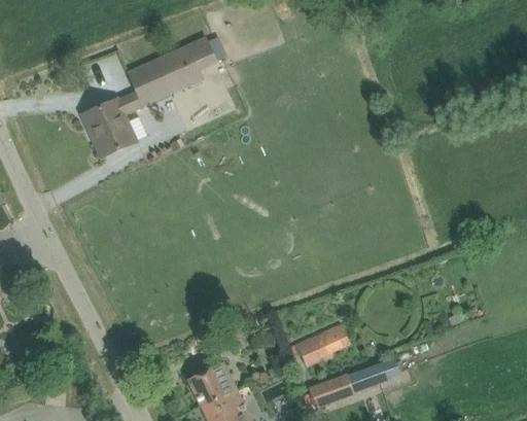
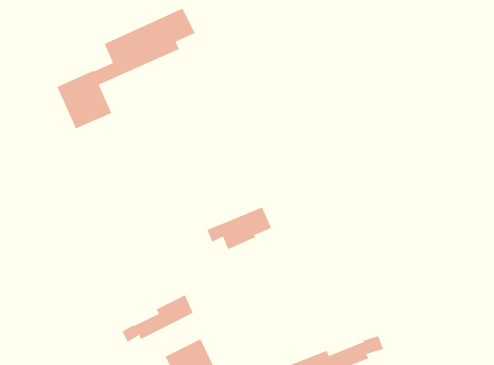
building: none -> [122,295,193,343]
building: [285,324,349,366] -> [207,207,272,250]

